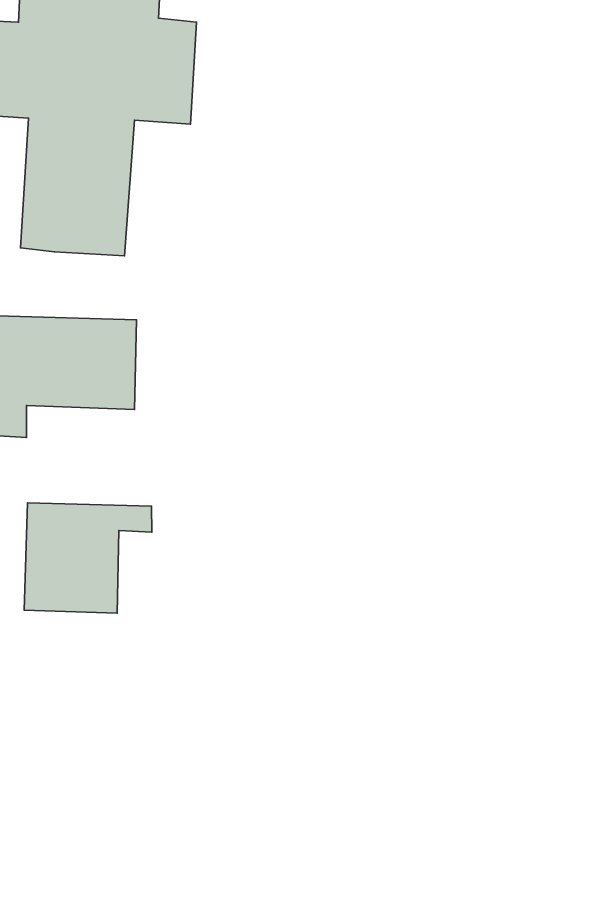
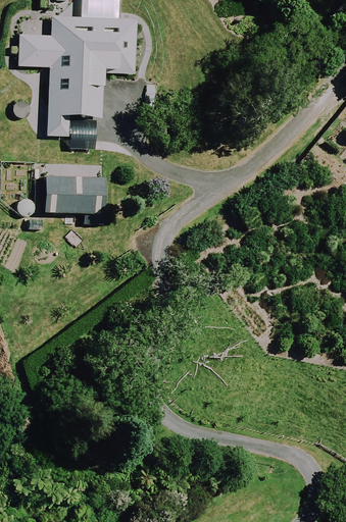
building: [24,503,152,613] -> none

